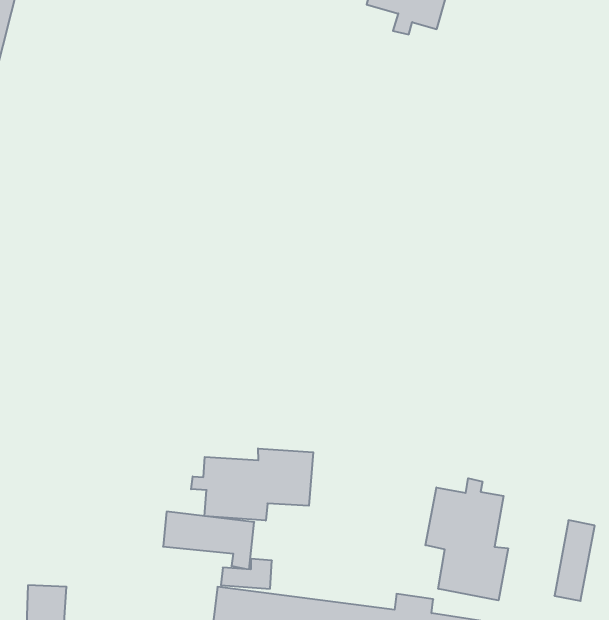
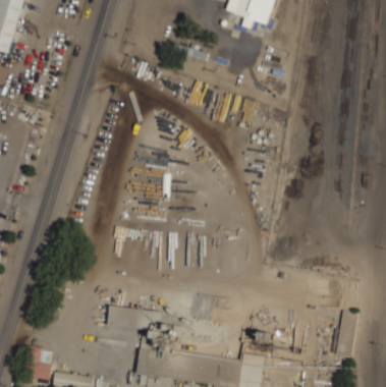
building: [191,448,313,521] -> none
building: [425,478,508,600] -> none

